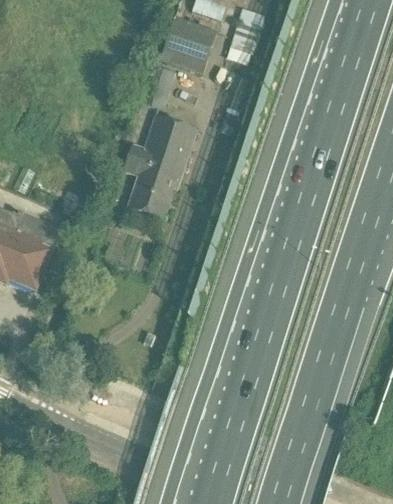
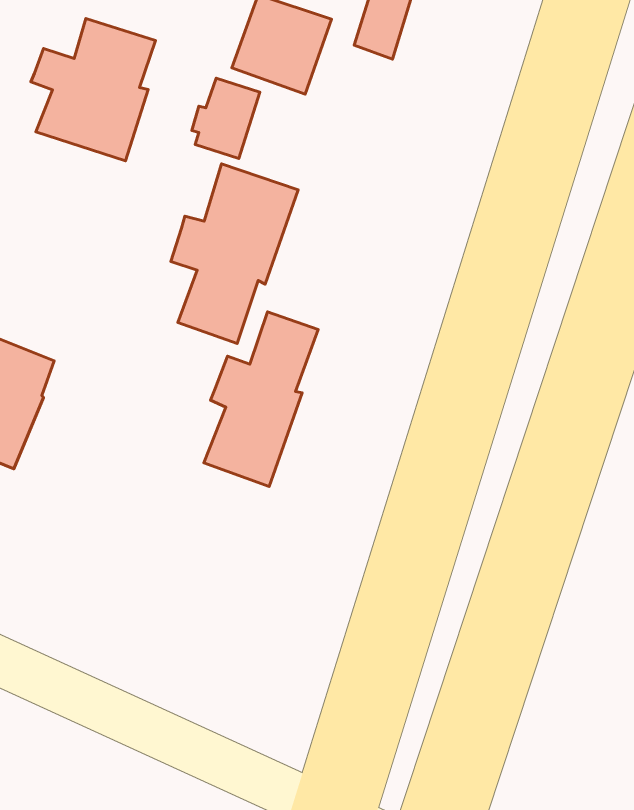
building: none -> [31,19,156,161]
building: none -> [204,312,318,486]

